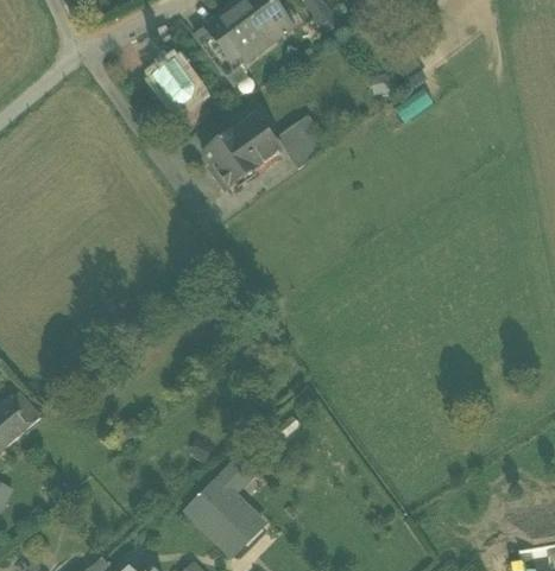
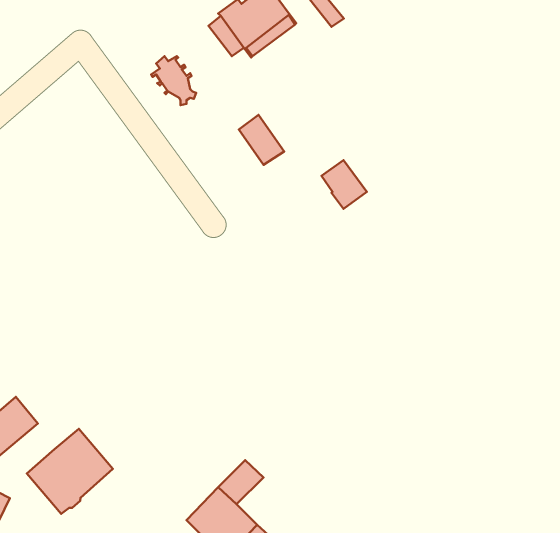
building: [277,121,321,169] -> [322,160,367,209]
building: [203,131,260,191] -> none
building: none -> [27,429,113,514]

